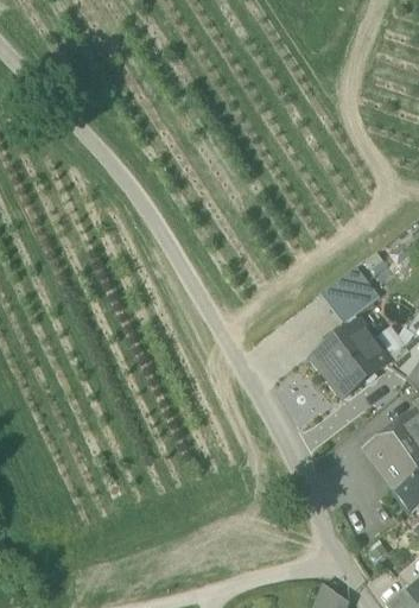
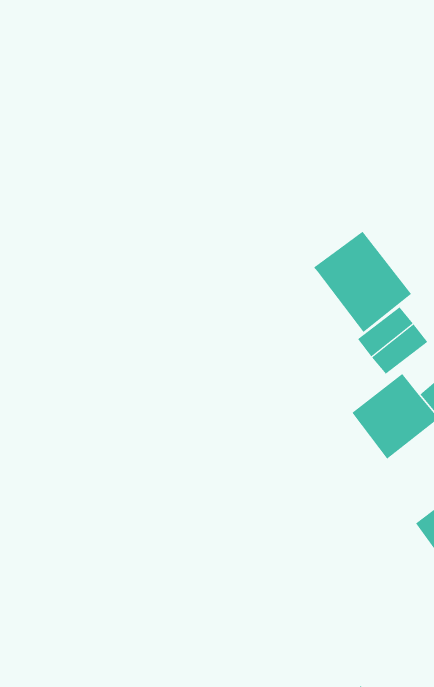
building: none -> [313,231,412,333]

